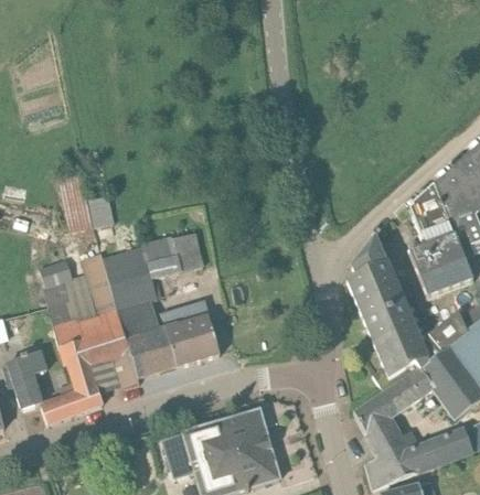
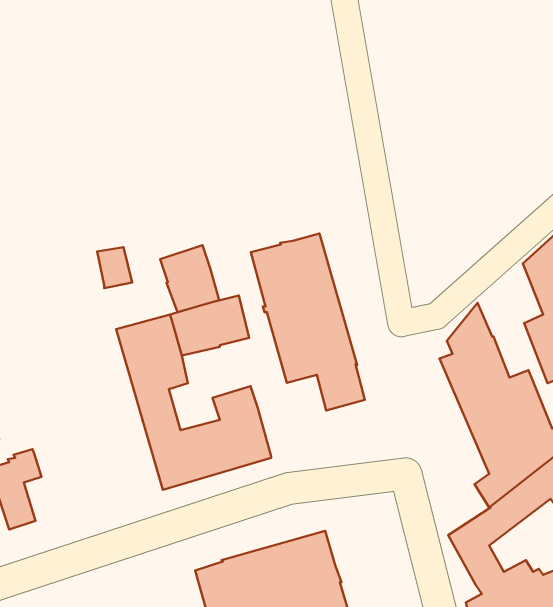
building: none -> [251,234,365,411]
building: none -> [160,245,219,312]
building: [39,257,139,423] -> none

